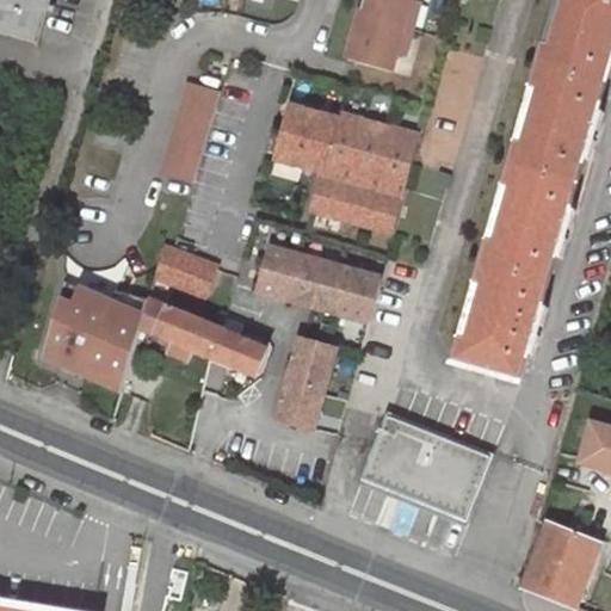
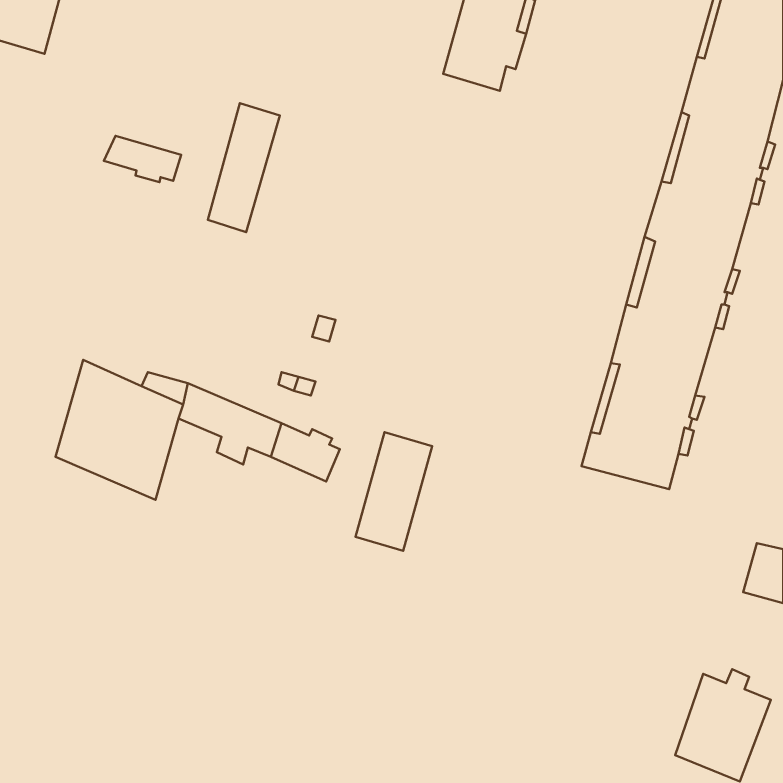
building: [272,105,414,230] -> none
building: none -> [104,136,181,182]
building: [154,246,214,292] -> none
building: [257,248,378,321] -> none
building: [360,416,489,520] -> none

